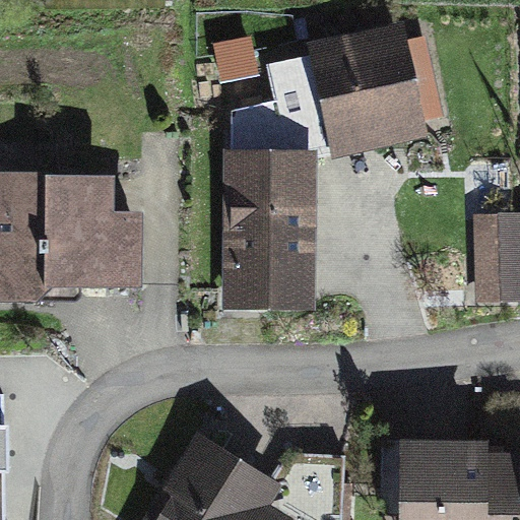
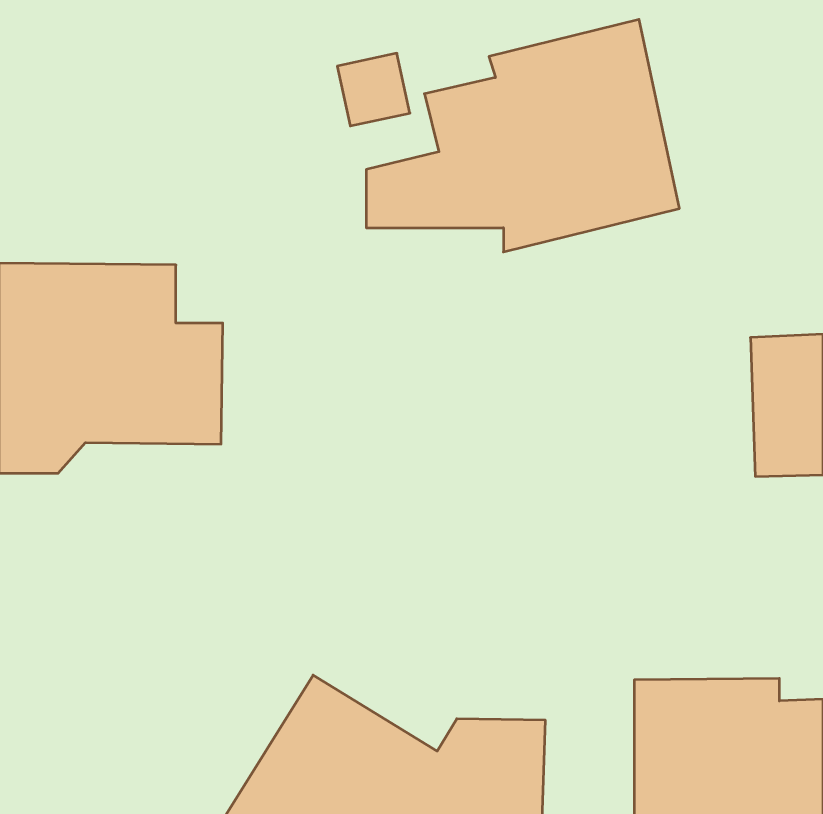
building: [223,150,317,311] -> none

